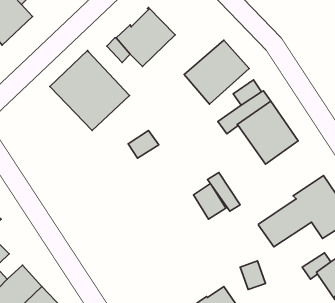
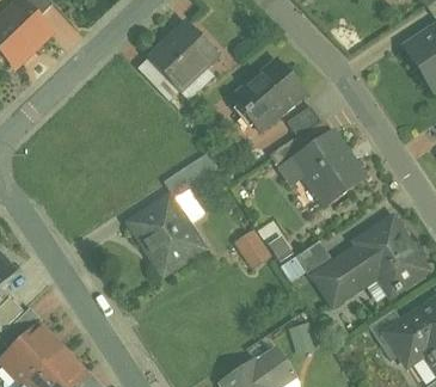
building: [50,50,130,131] -> none
building: none -> [130,198,202,274]
building: none -> [296,240,336,280]

